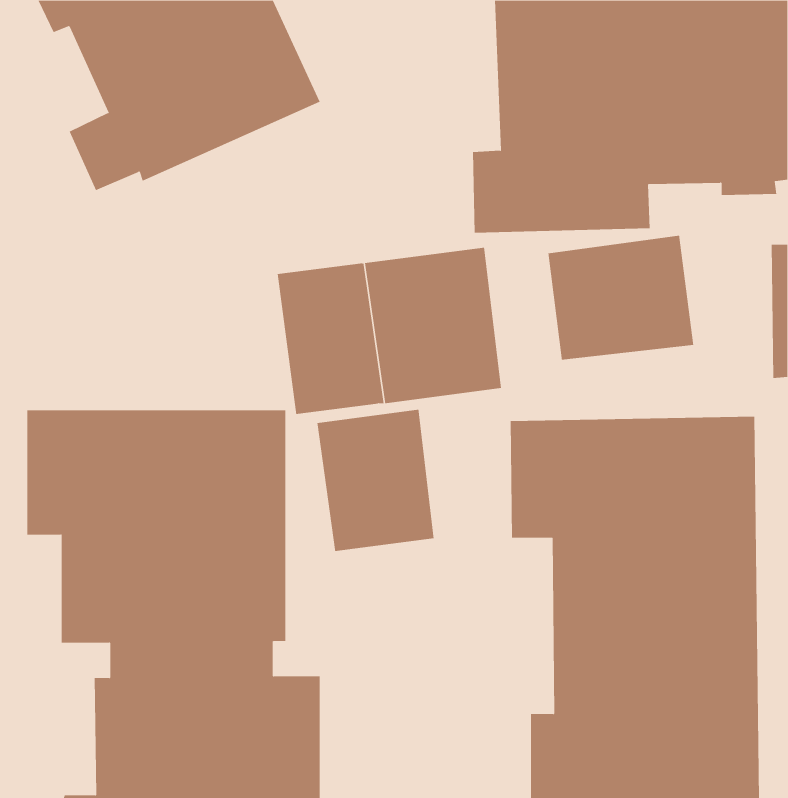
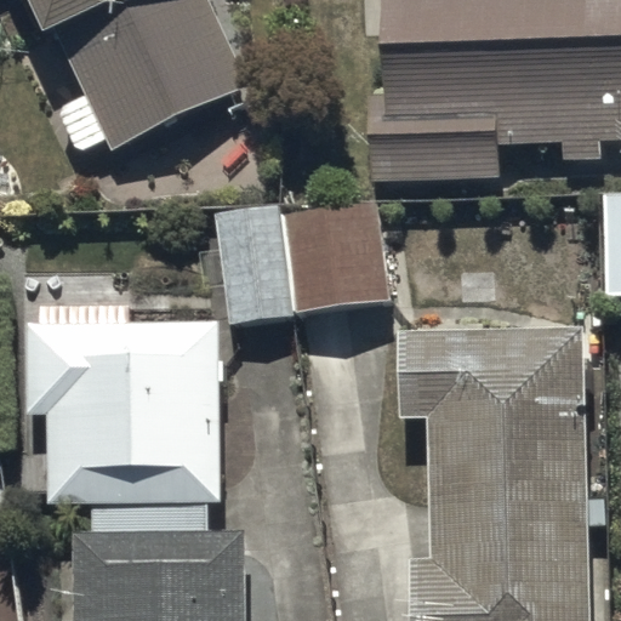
building: [548,235,694,361] -> none
building: [317,409,434,552] -> none

